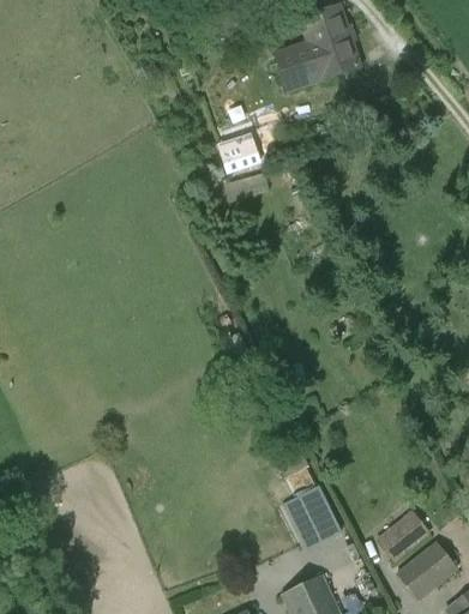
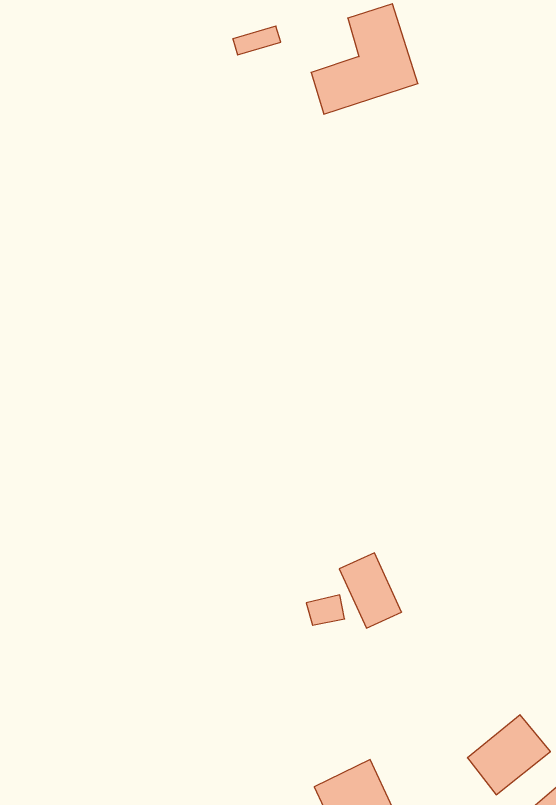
building: [294,489,341,546] -> [339,553,402,628]
building: [374,510,432,562] -> none

